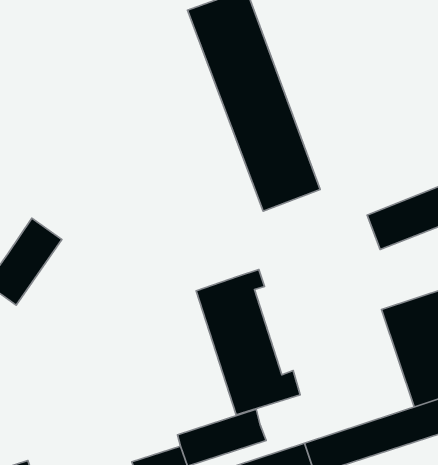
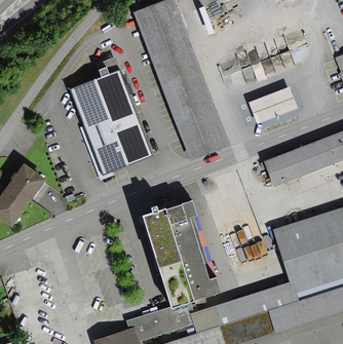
building: none -> [74,71,151,174]
building: none -> [250,87,298,125]
building: none -> [188,279,298,332]

